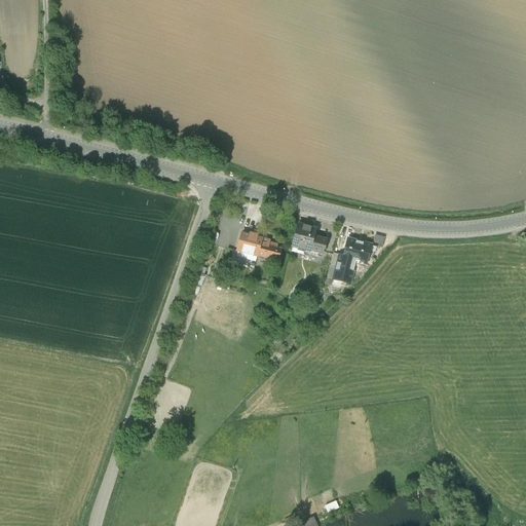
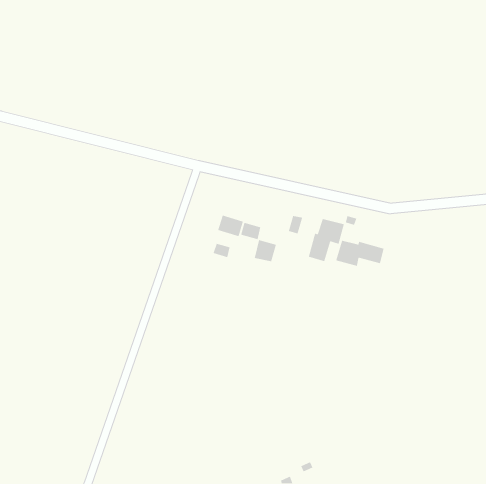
building: [292,225,316,250] -> [254,239,277,262]
building: none -> [335,240,385,267]

